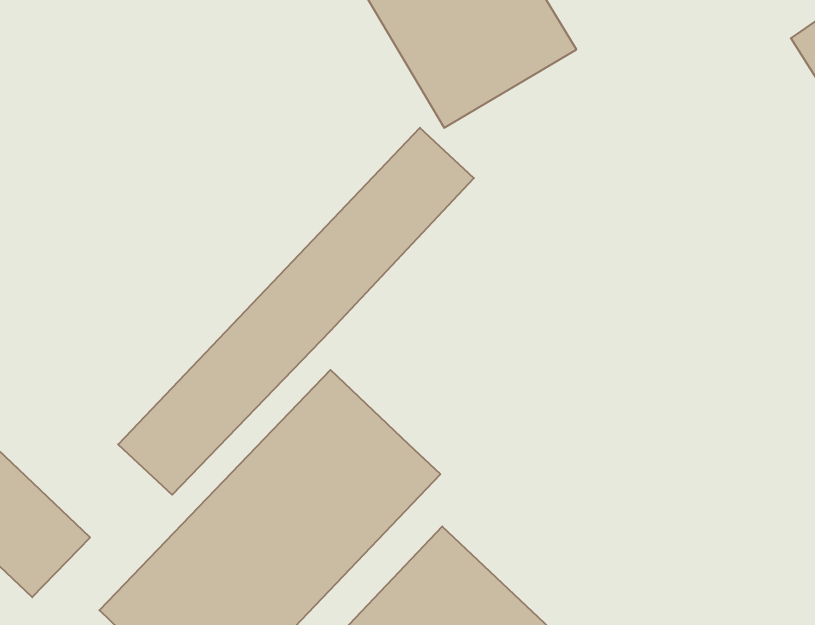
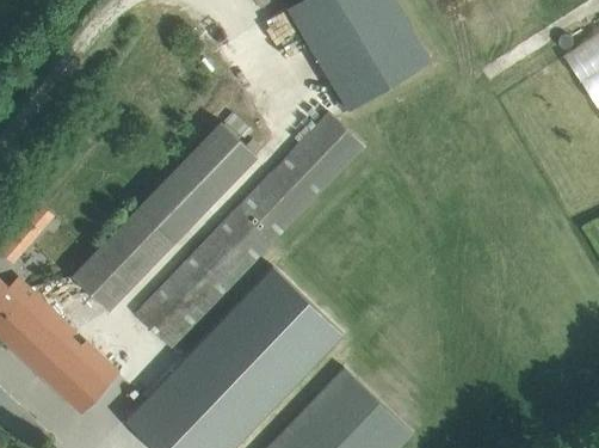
building: none -> [73,121,258,312]

